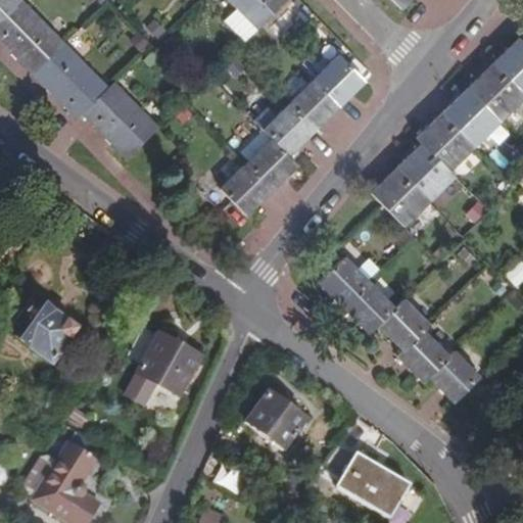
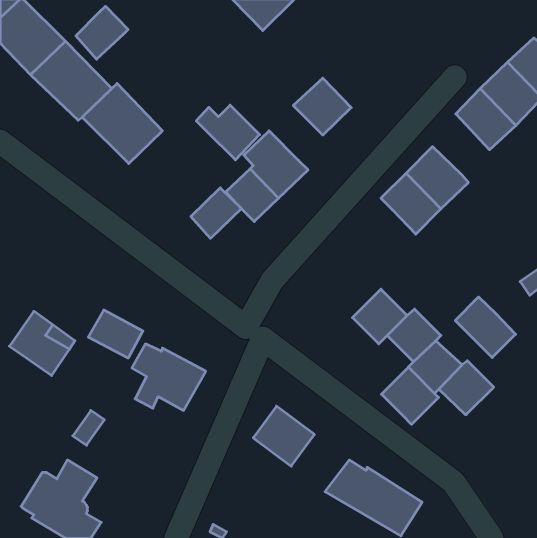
building: none -> [76,6,128,59]
building: [315,53,366,104] -> none
building: [253,102,315,155] -> [196,105,260,160]
building: [417,110,476,170] -> none
building: none -> [191,188,241,238]
building: [318,255,371,307] -> none
building: none -> [455,297,516,358]
building: none -> [88,310,143,358]
building: none -> [381,367,439,424]

